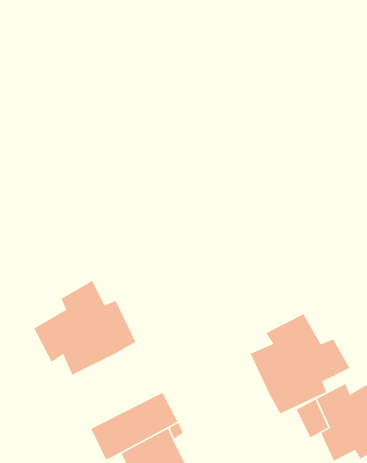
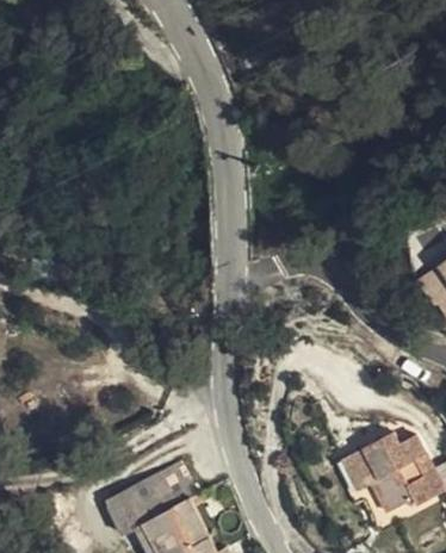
building: [33,280,136,376] -> none
building: [249,313,351,414] -> none

